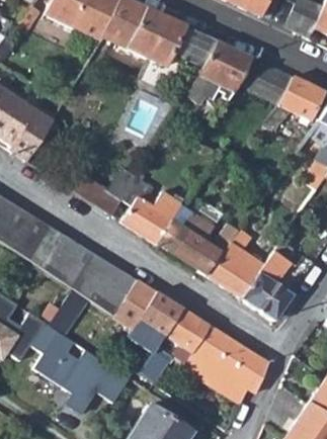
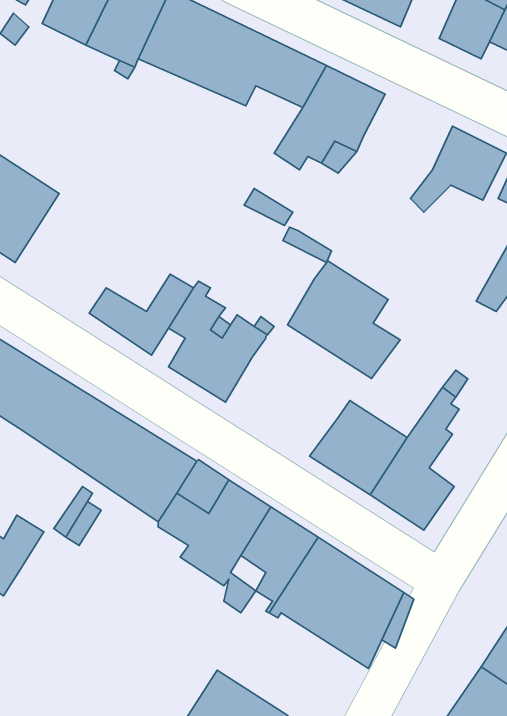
building: [238,59,292,104] -> none
building: [155,205,223,276] -> [287,261,400,379]
building: [31,322,131,414] -> none

